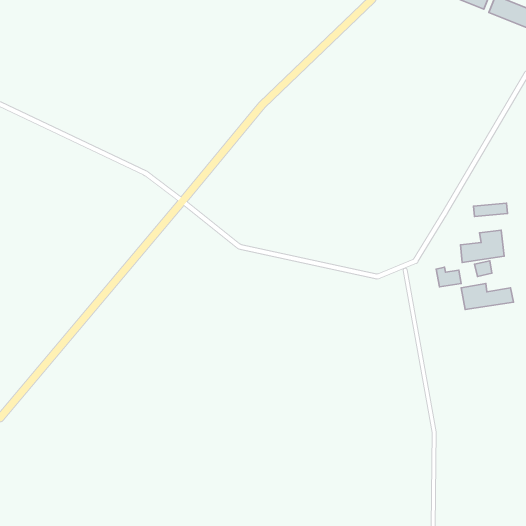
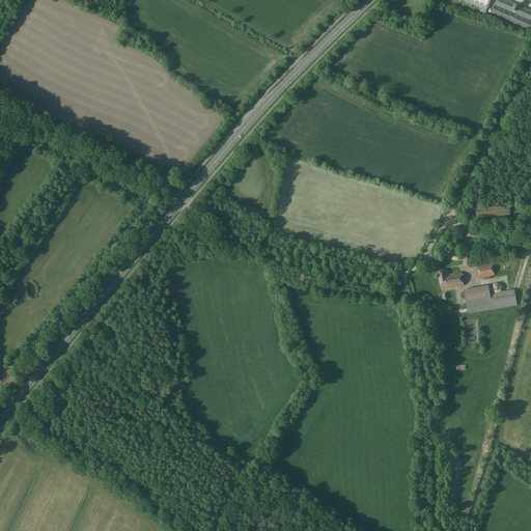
building: [460,230,504,262] -> none

